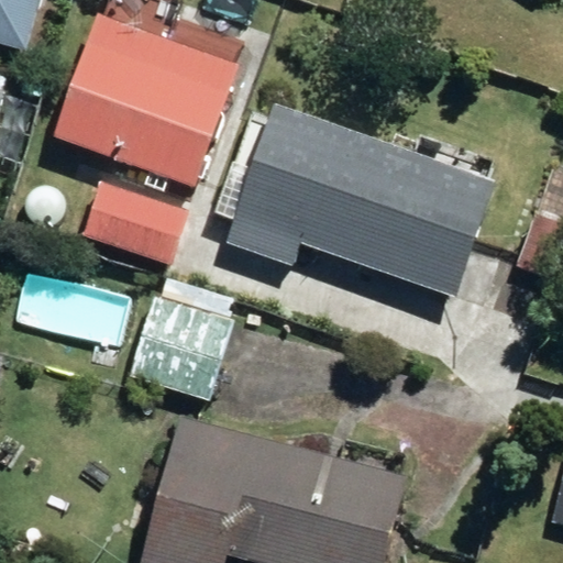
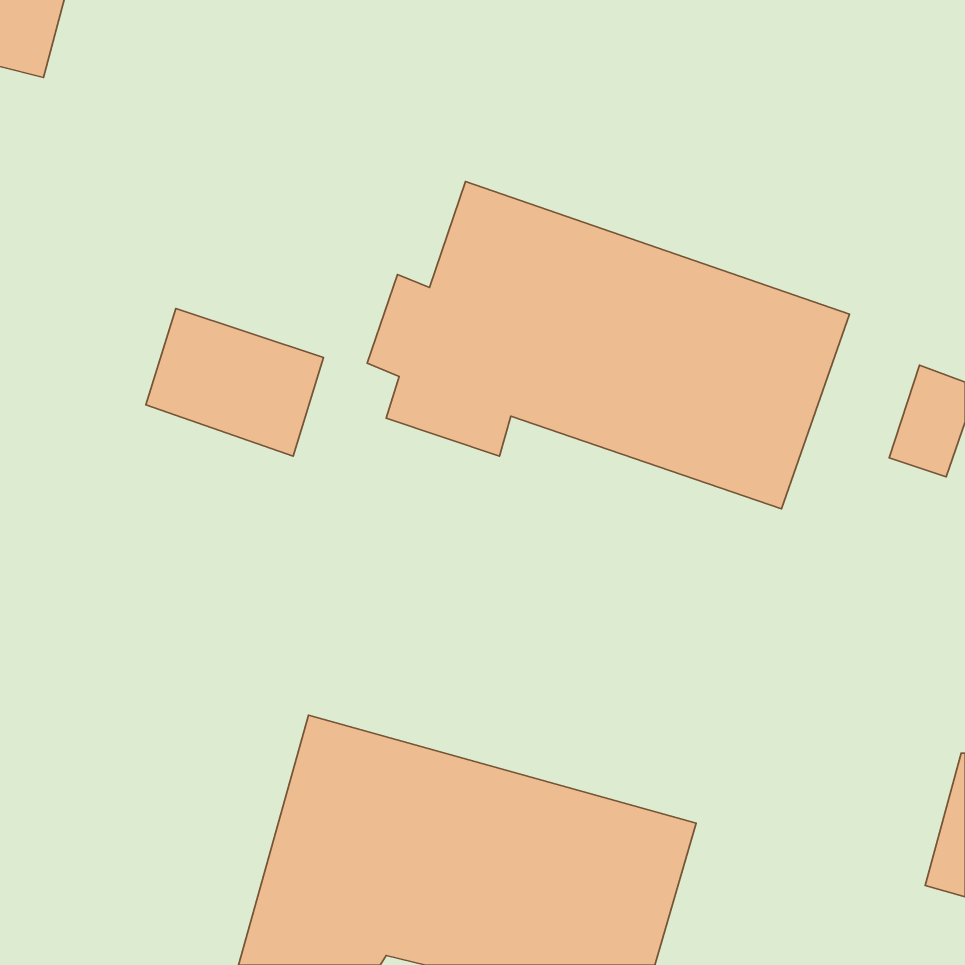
building: [55,13,239,187] -> none
building: [132,283,236,400] -> none

